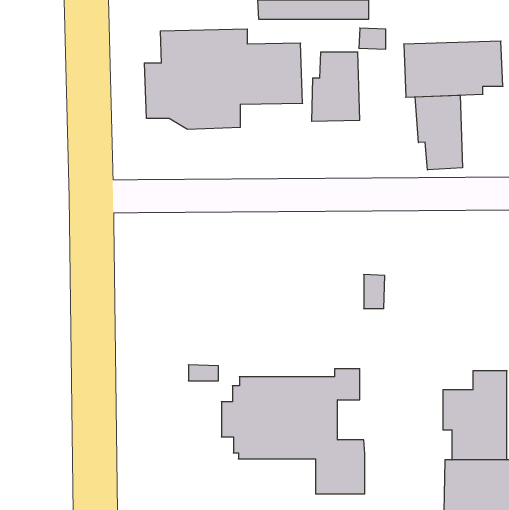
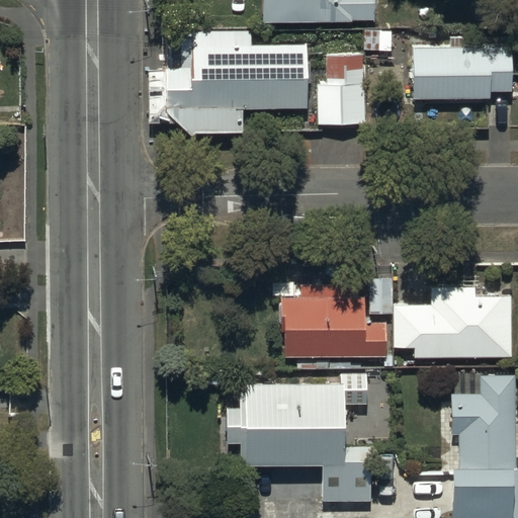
building: [415,95,462,170] -> none
building: none -> [281,282,385,358]
building: none -> [395,287,512,357]

